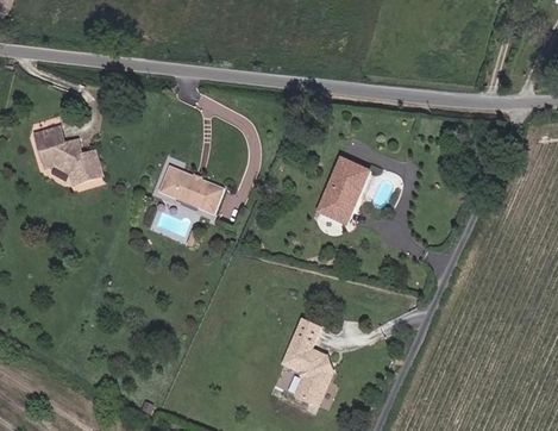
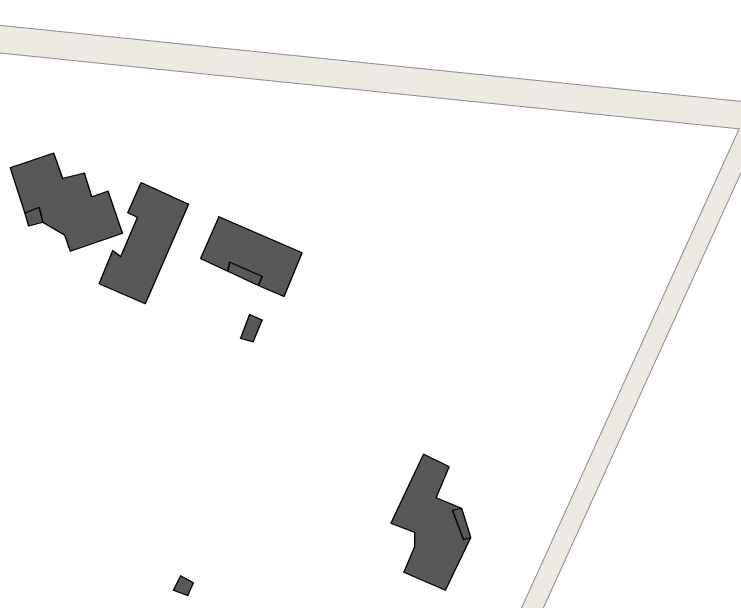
building: none -> [99,183,189,304]
building: [315,158,369,224] -> none

